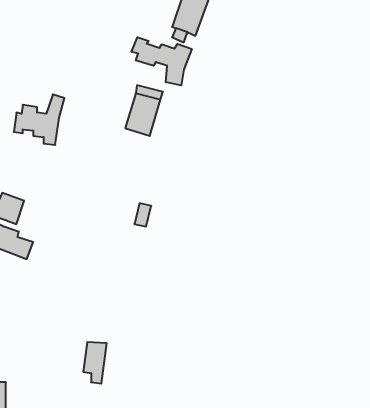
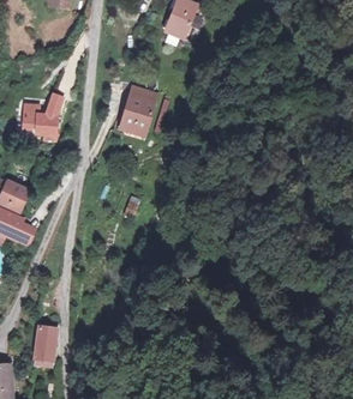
building: [132,37,192,85] -> none
building: [83,342,107,384] -> [35,326,56,364]

